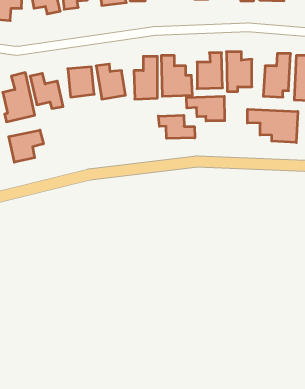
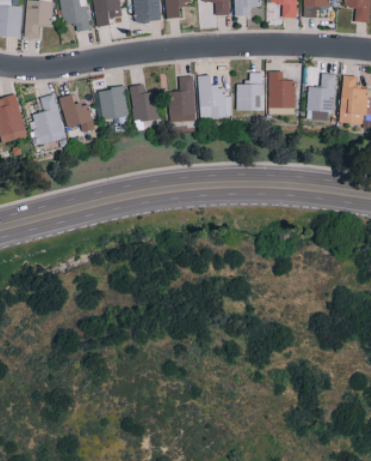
building: [186,96,225,121] -> none
building: [247,109,298,143] -> none
building: [158,115,195,138] -> none
building: [9,130,43,162] -> none

